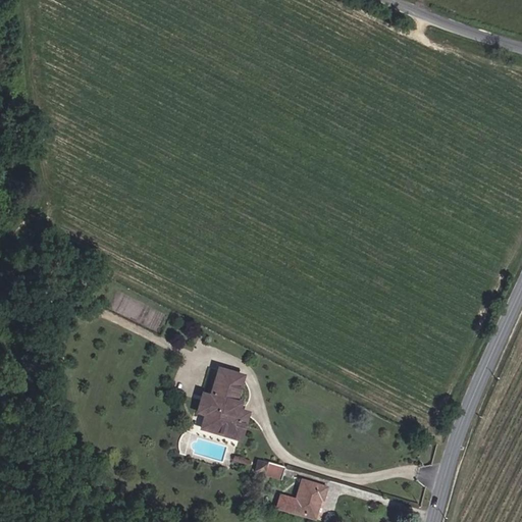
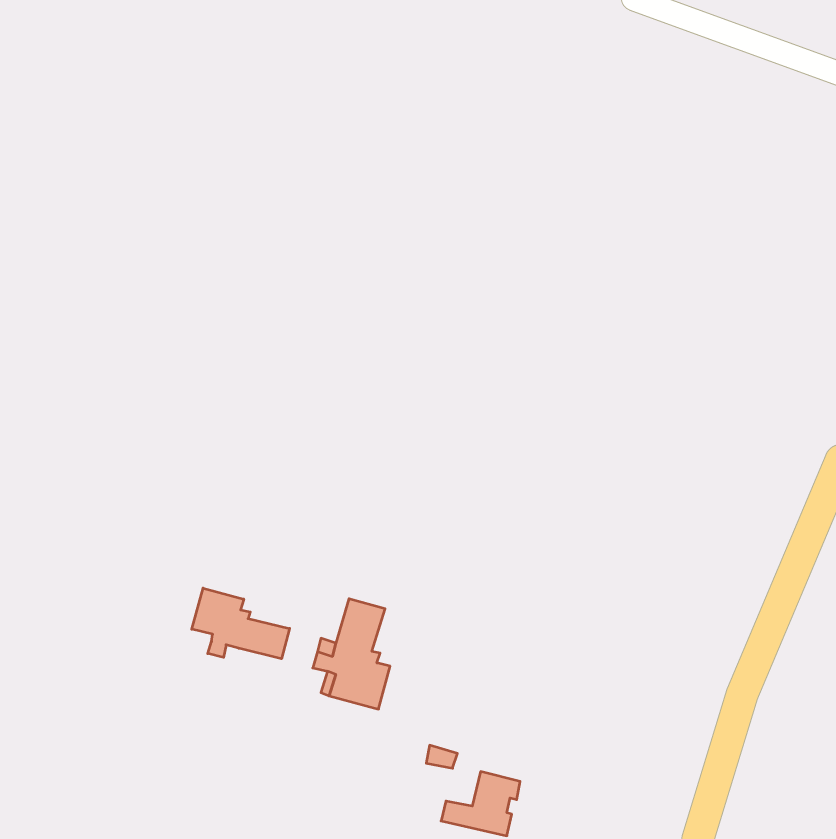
building: none -> [192,588,290,659]

